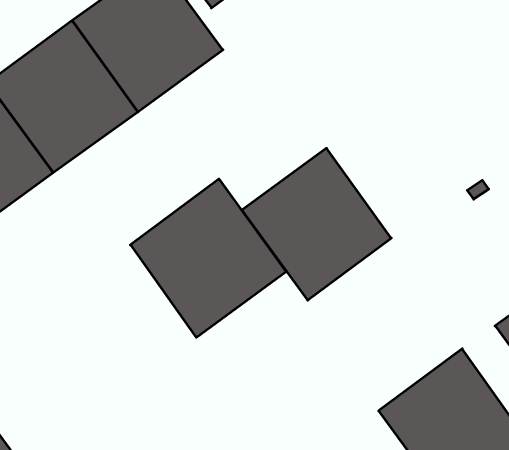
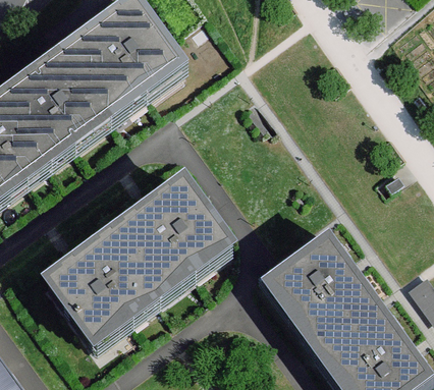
building: [242,148,391,300] -> [260,231,380,353]
building: none -> [42,220,166,346]

